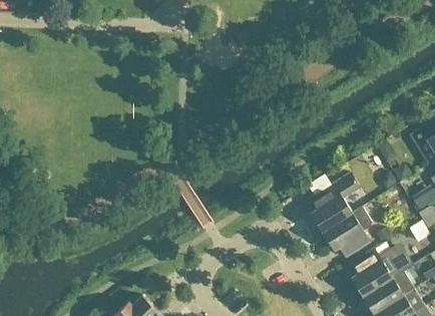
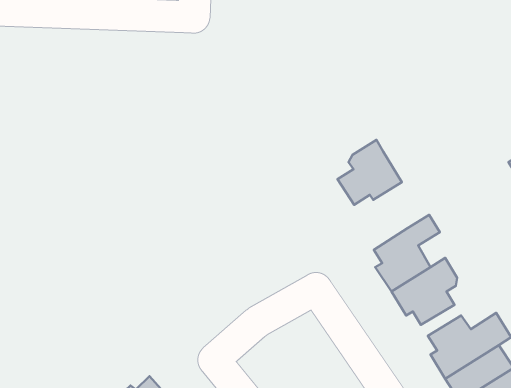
building: none -> [338,140,402,205]

